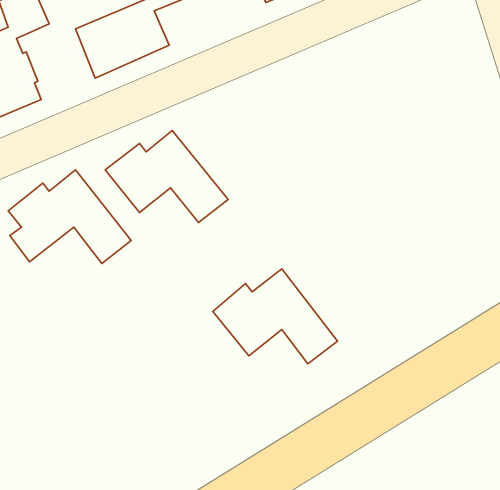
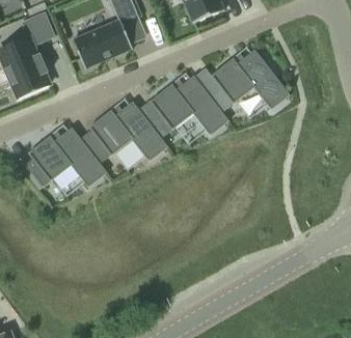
building: none -> [211,50,290,109]
building: [213,269,337,364] -> [150,75,228,135]

